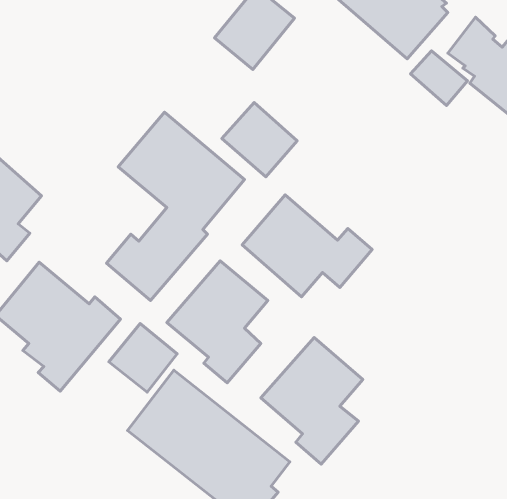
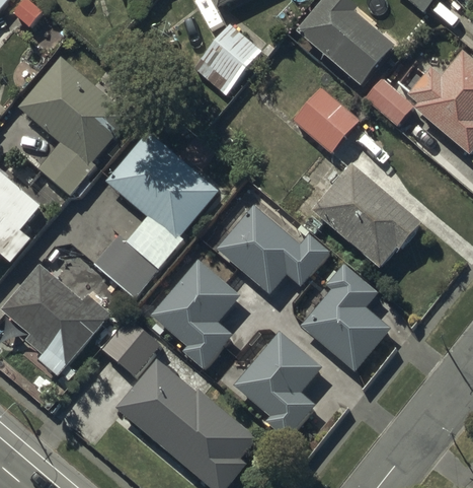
building: none -> [18,59,129,199]
building: [222,103,297,177] -> [292,87,358,152]
building: none -> [312,164,421,268]
building: none -> [299,264,389,371]

